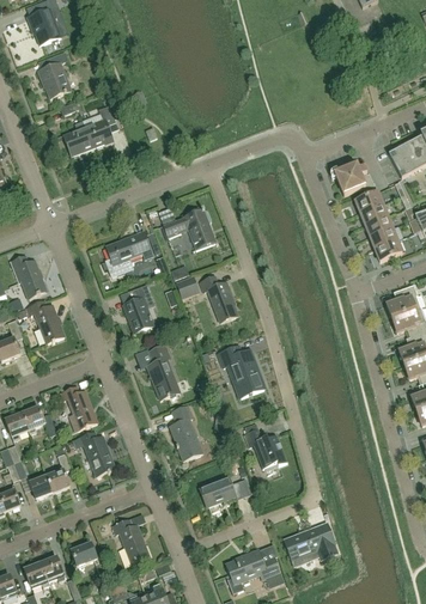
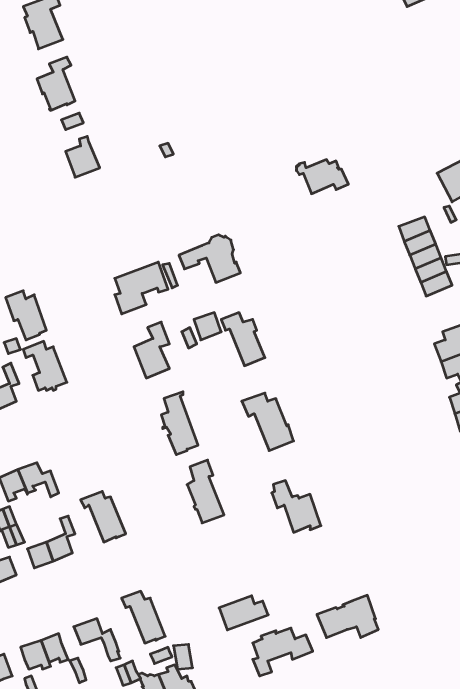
building: [83,104,116,147] -> none
building: [329,164,375,194] -> [296,160,348,194]
building: [60,385,97,429] -> none
building: [199,475,242,505] -> [219,596,268,630]

